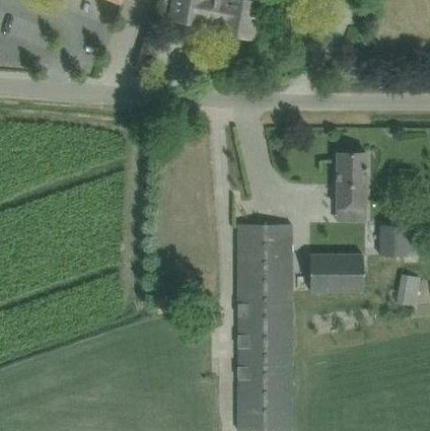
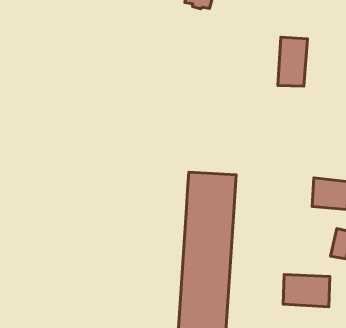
building: [336,152,366,207] -> [278,37,308,86]
building: [309,255,362,289] -> [283,275,330,307]

